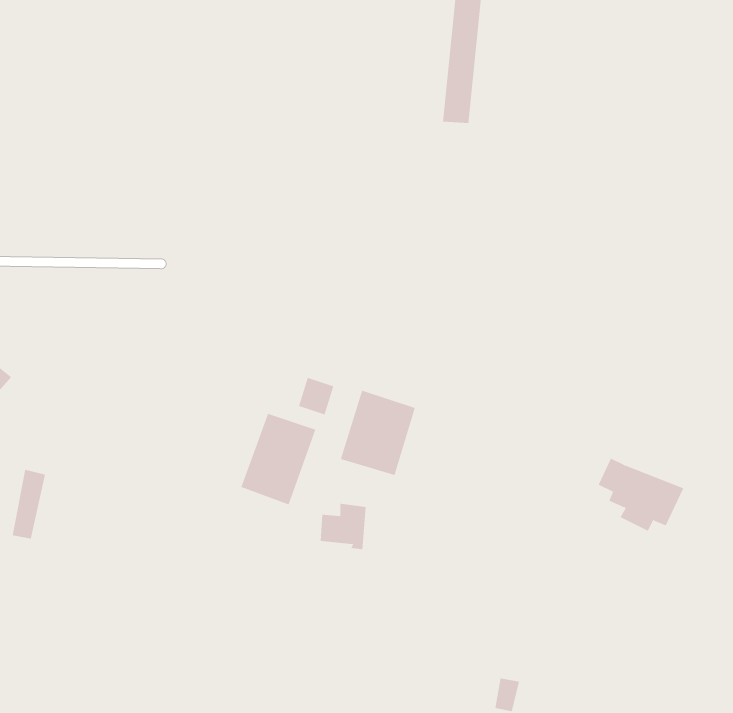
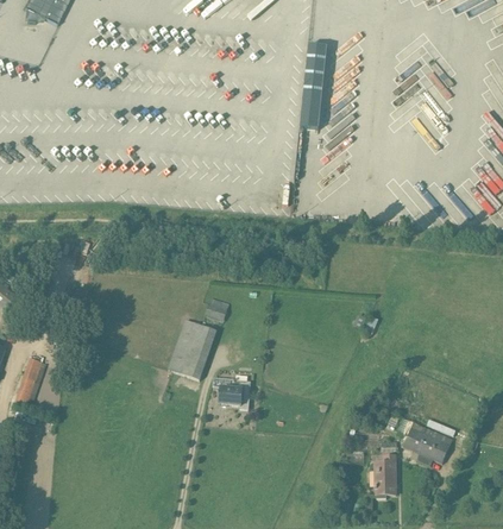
building: [340,390,416,476] -> none
building: [598,458,684,532] -> [396,415,453,464]
building: none -> [376,452,396,496]

